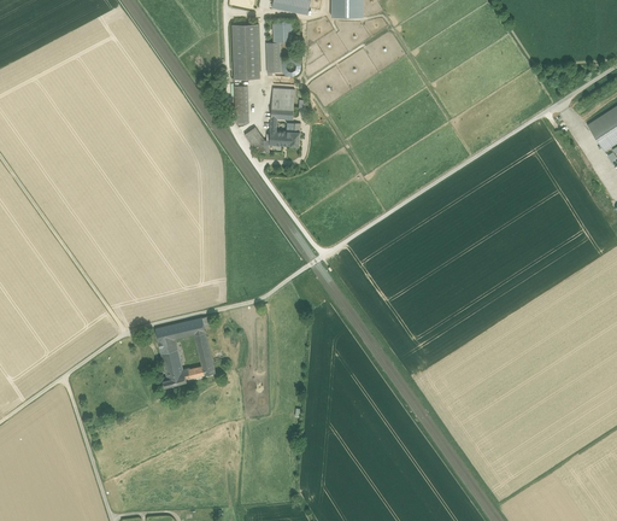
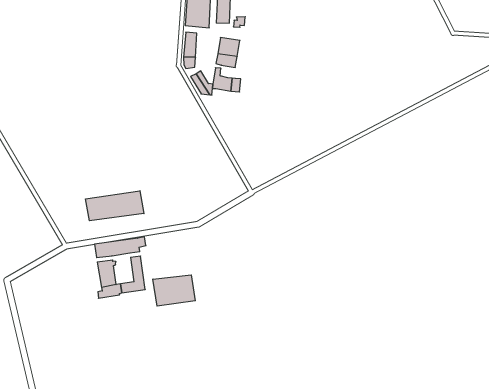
building: none -> [86,191,144,221]
building: none -> [153,275,195,306]

